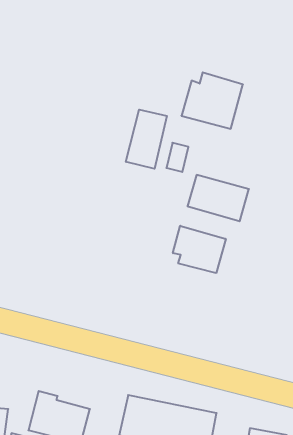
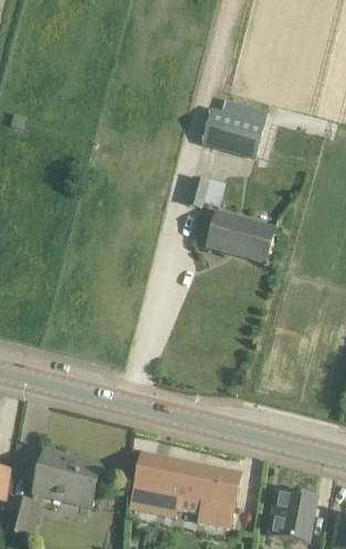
building: [126,110,167,169] -> none
building: [173,226,226,273] -> none

